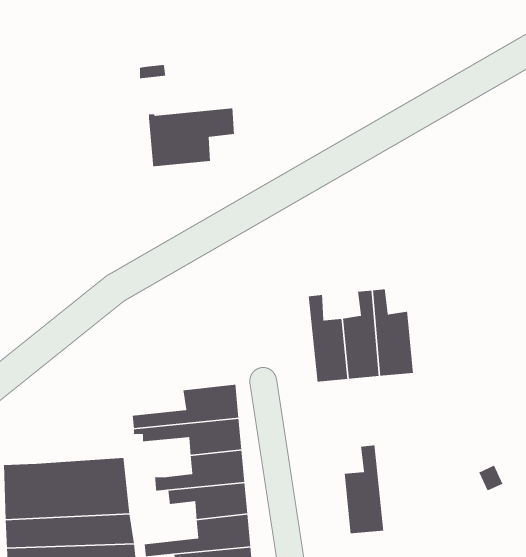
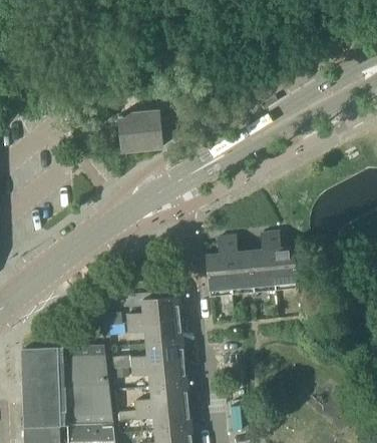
building: [344,445,384,534] -> [205,237,232,297]

